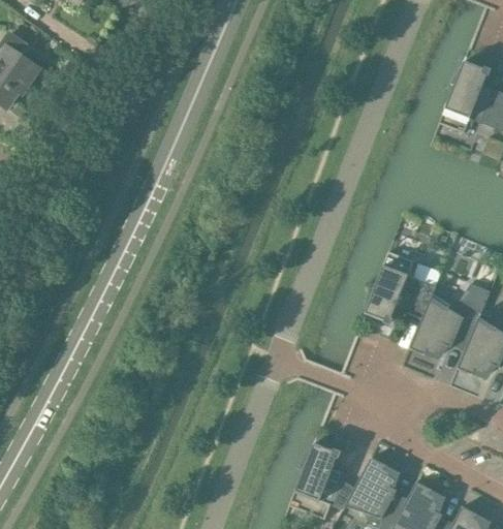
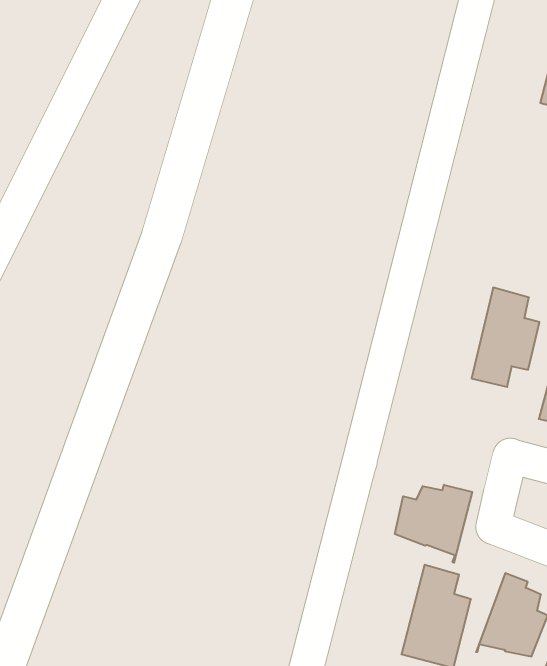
building: none -> [395,485,472,563]

